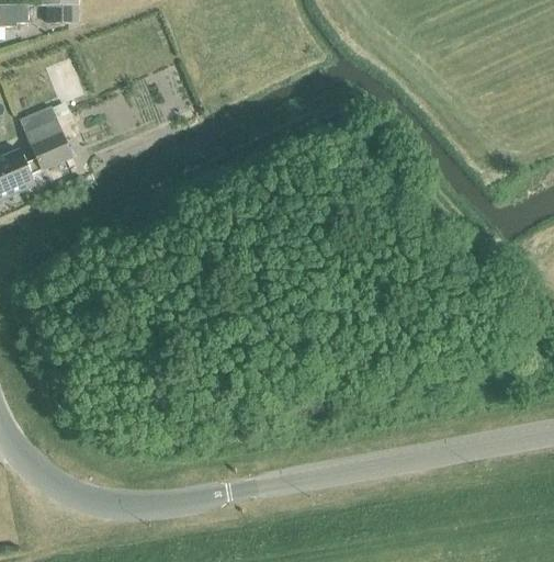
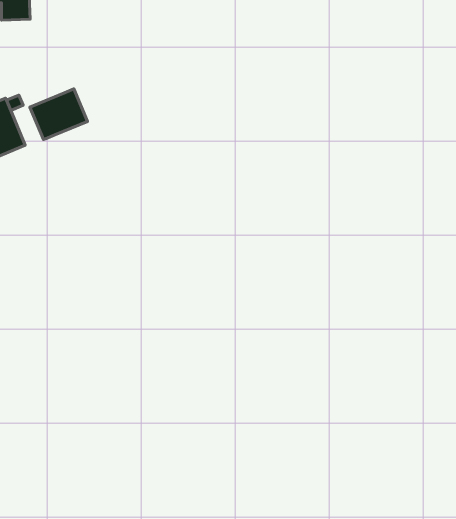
building: none -> [30,89,87,140]

